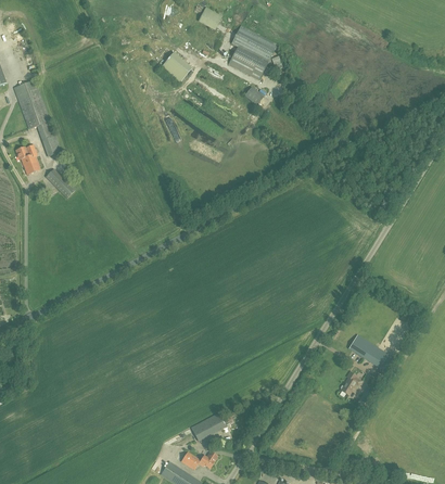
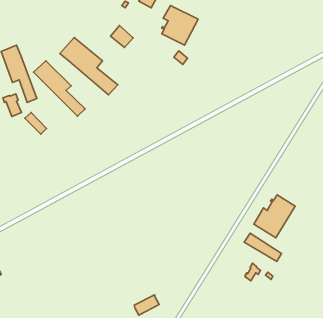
building: none -> [60,37,118,95]
building: none -> [34,61,85,116]
building: none -> [254,195,295,238]

